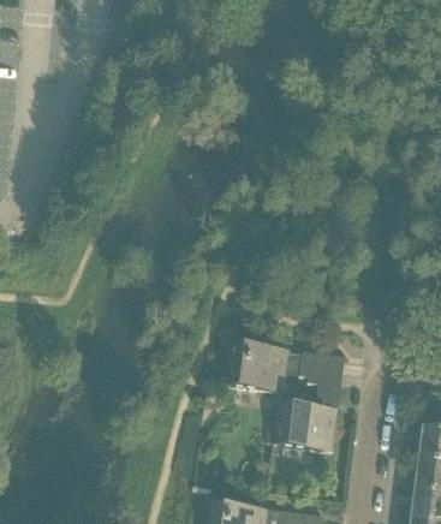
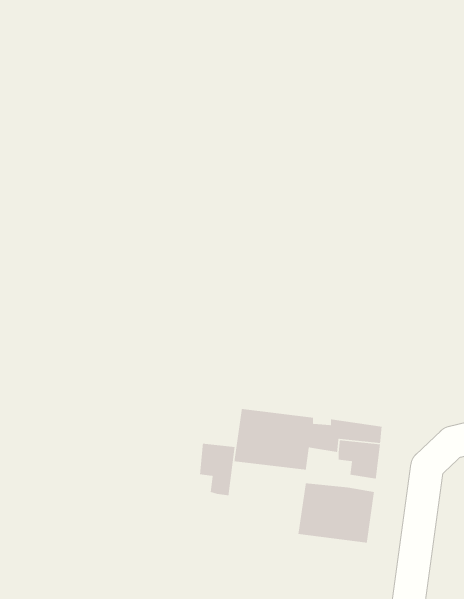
building: none -> [199,443,236,496]

